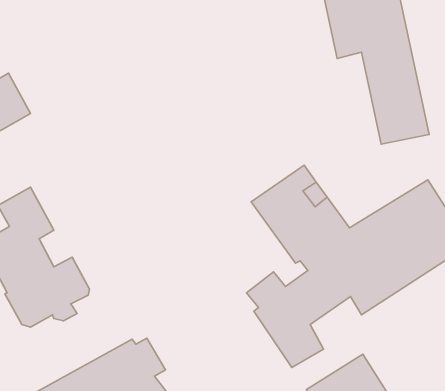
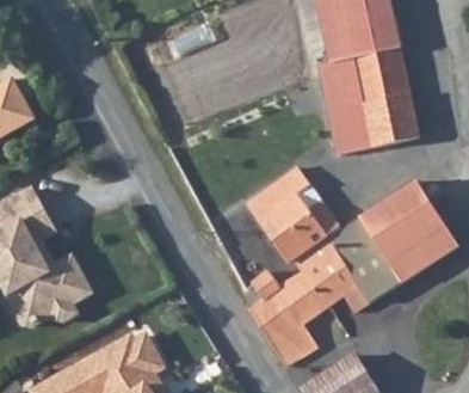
building: none -> [319,57,372,154]

